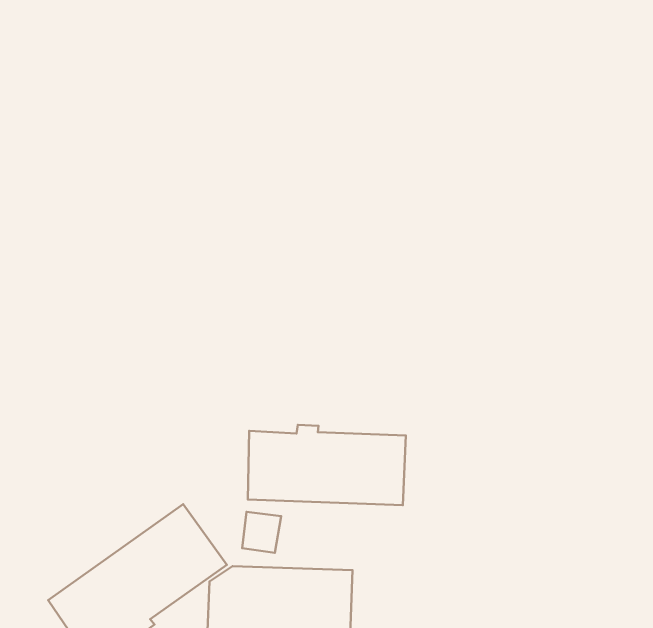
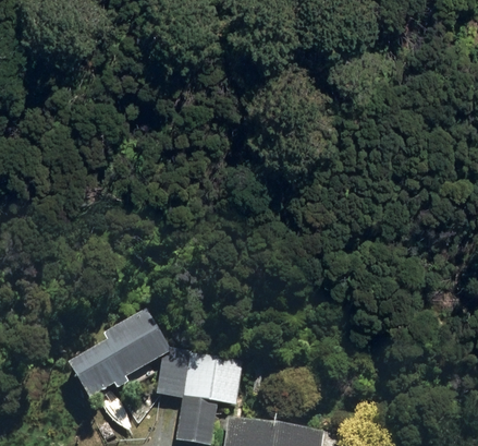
building: [248,425,406,505] -> none

